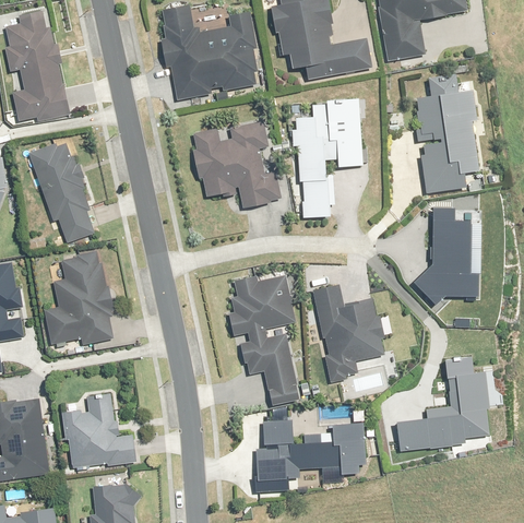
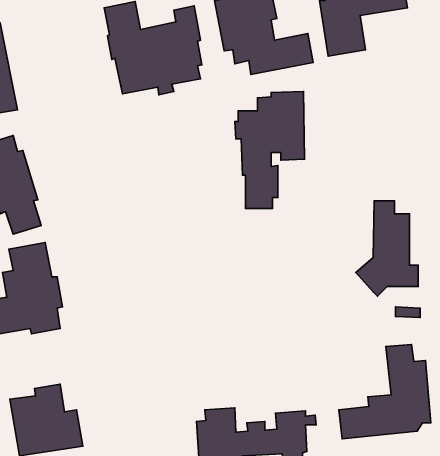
building: [414,73,479,192] -> none
building: [193,122,281,209] -> none
building: [229,275,299,405] -> none
building: [307,285,383,382] -> none

